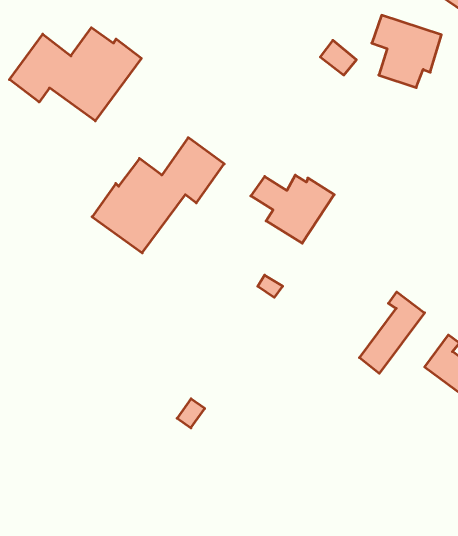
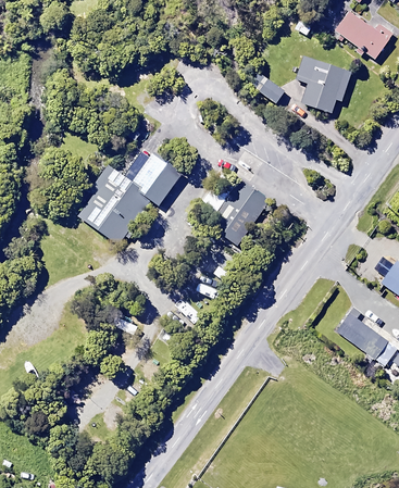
building: [9,28,141,121] -> none
building: [359,292,425,373] -> none

